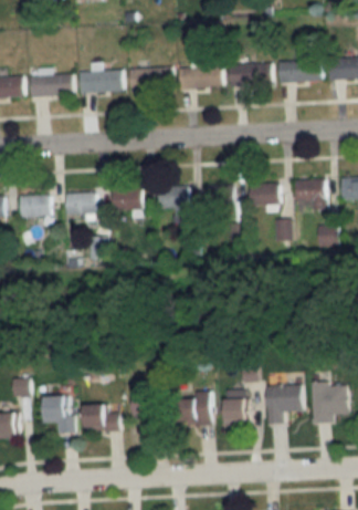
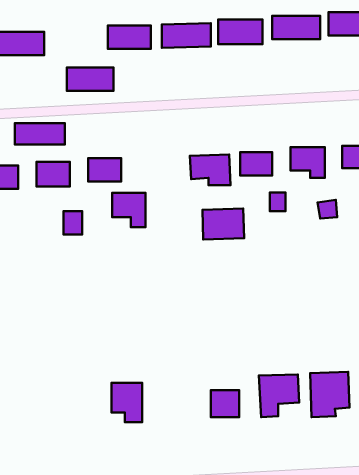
building: [80,72,122,93] -> [67,67,113,91]
building: none -> [15,123,65,144]
building: [157,186,187,217] -> [112,193,145,227]
building: none -> [202,208,244,240]
building: [177,391,210,425] -> none
building: [41,396,72,433] -> none
building: [84,404,119,429] -> none

